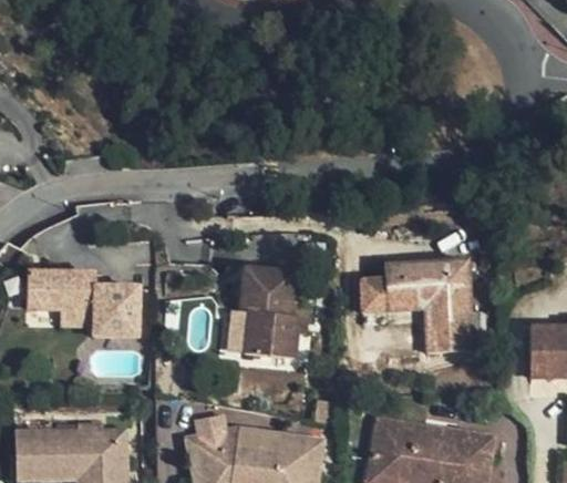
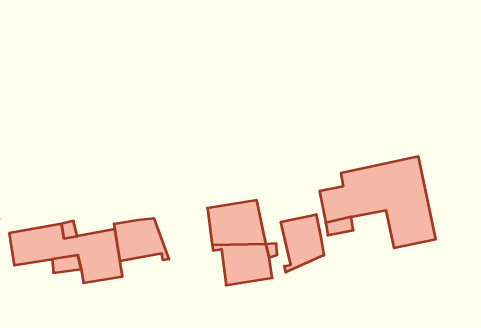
building: none -> [114,218,169,261]
building: none -> [281,214,324,272]

